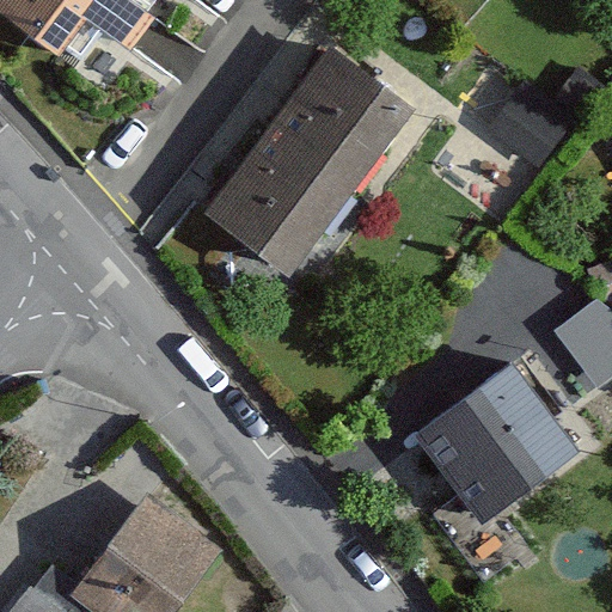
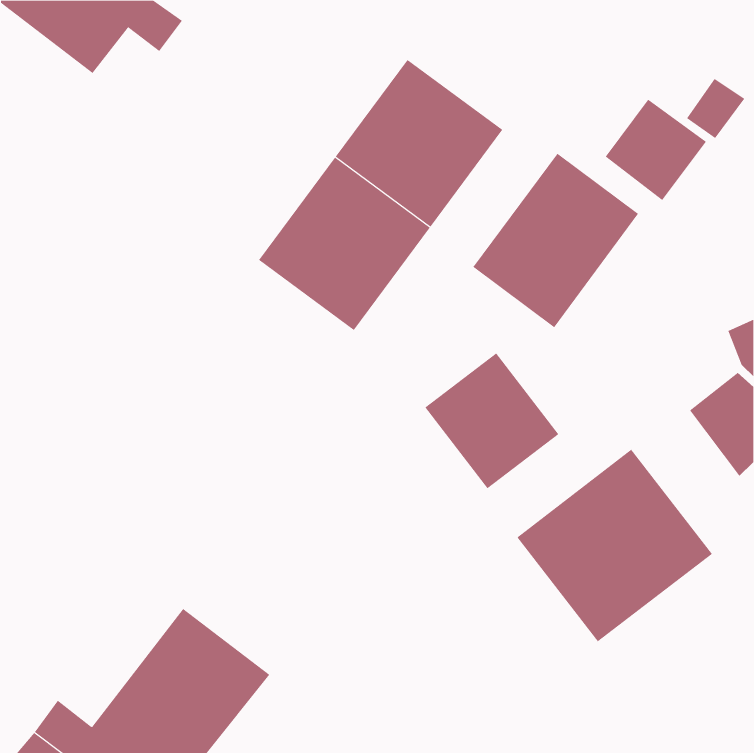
building: none -> [473,153,639,328]
building: none -> [425,353,559,489]

